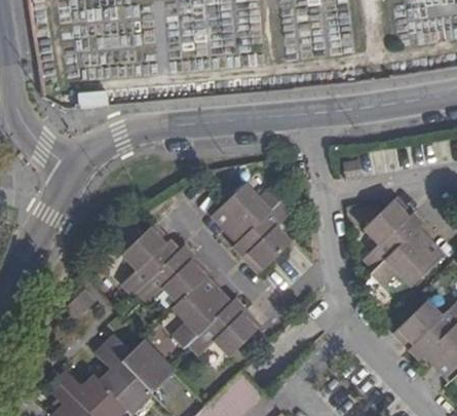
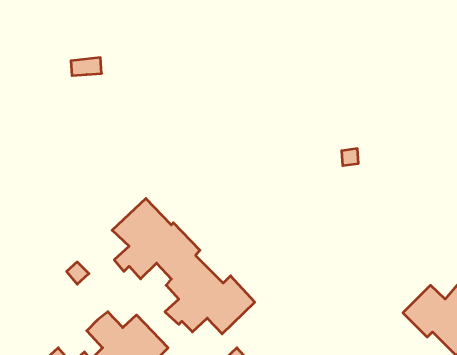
building: [211,185,291,269] -> none
building: [367,210,437,289] -> none

